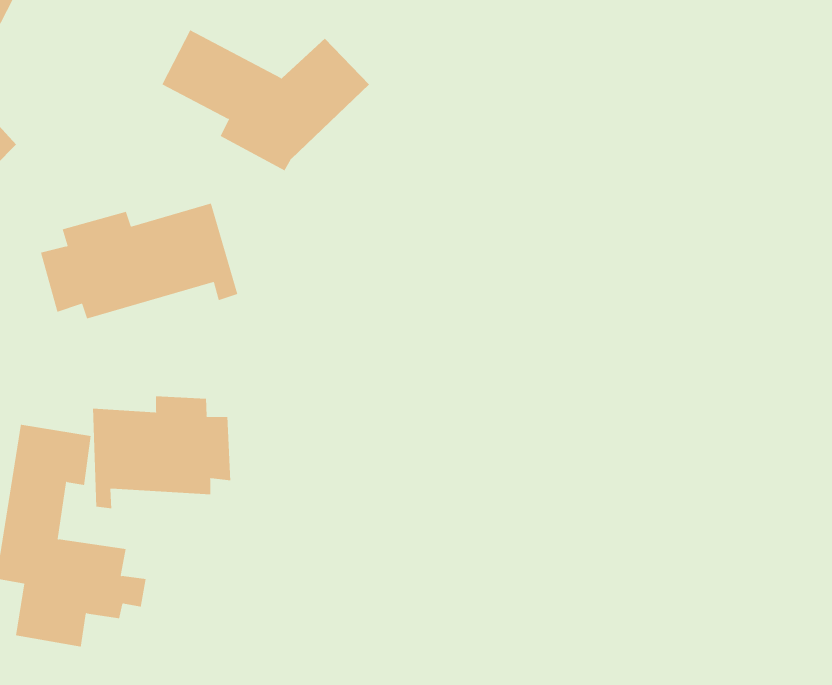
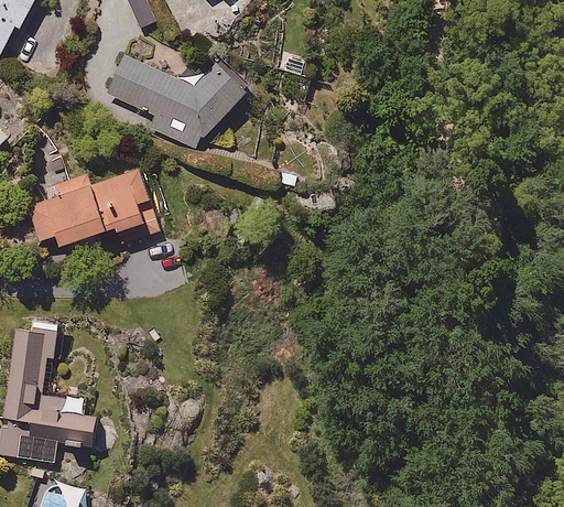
building: [92,395,231,509] -> none

